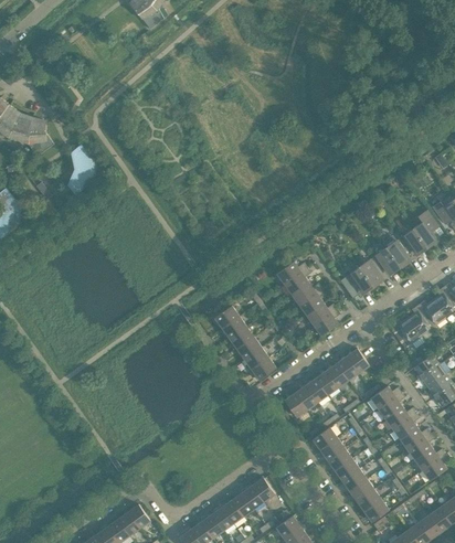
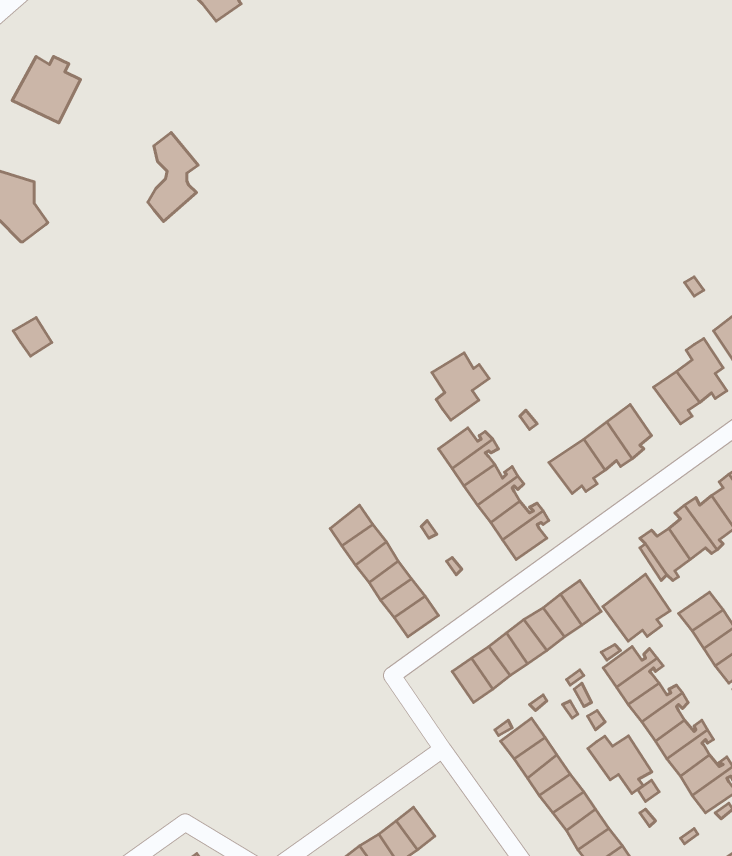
building: none -> [12,56,80,123]
building: [67,146,96,196] -> [148,132,198,221]
building: none -> [432,353,489,420]
building: [387,236,415,266] -> none
building: none -> [603,574,670,641]
building: none -> [588,736,652,793]

